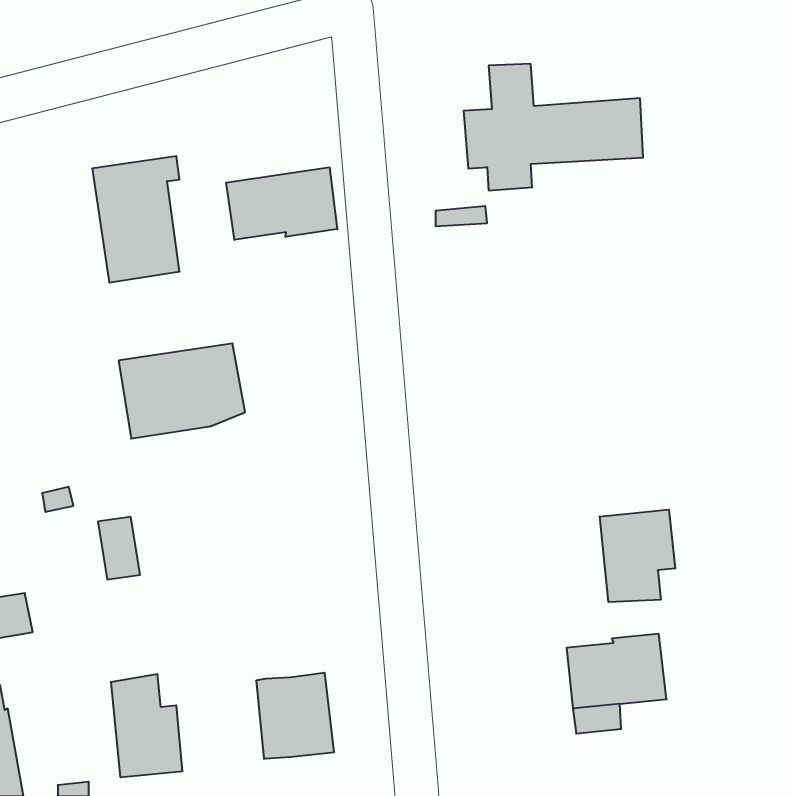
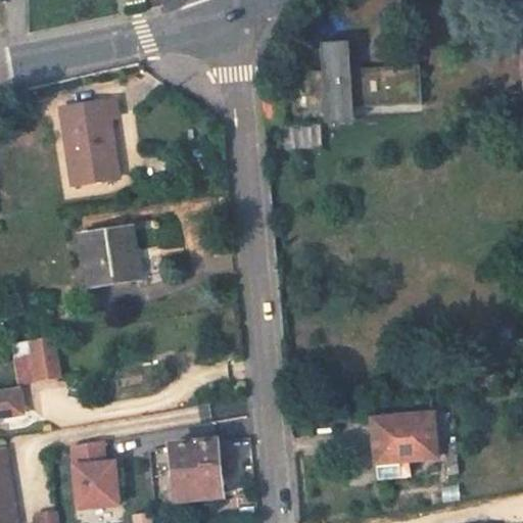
building: [226,167,337,240] -> none
building: [600,510,675,602] -> none
building: [98,517,140,579] -> [29,337,56,378]

